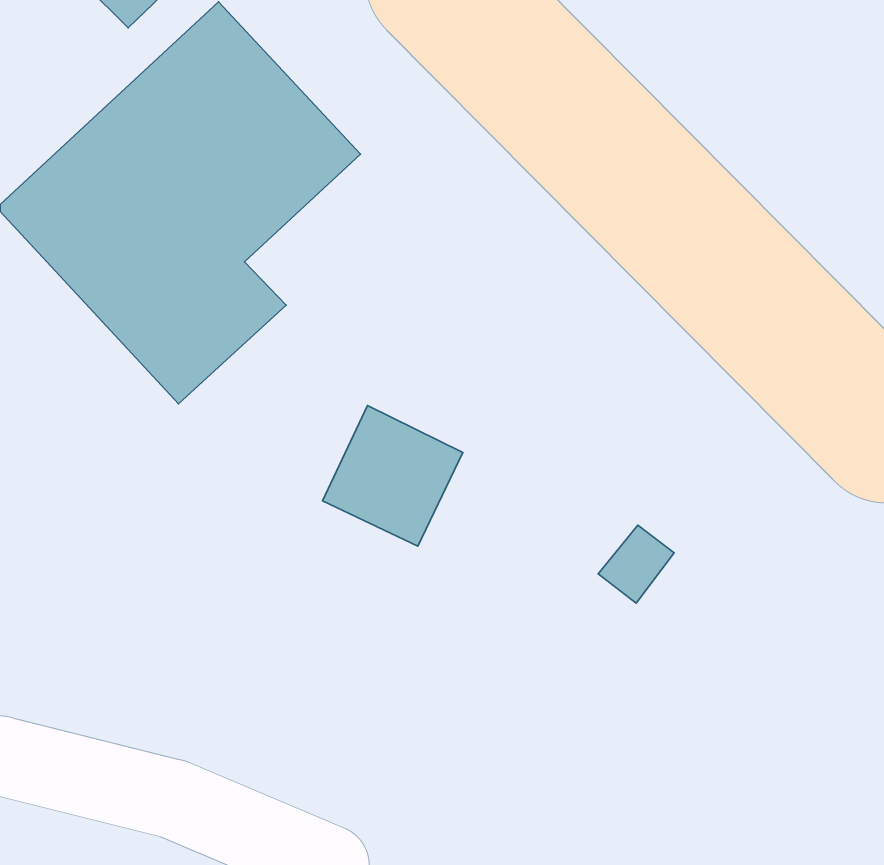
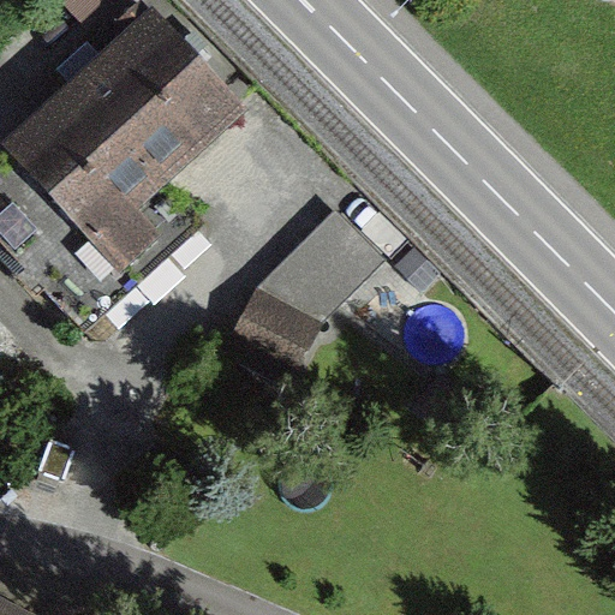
building: none -> [256,202,388,314]

